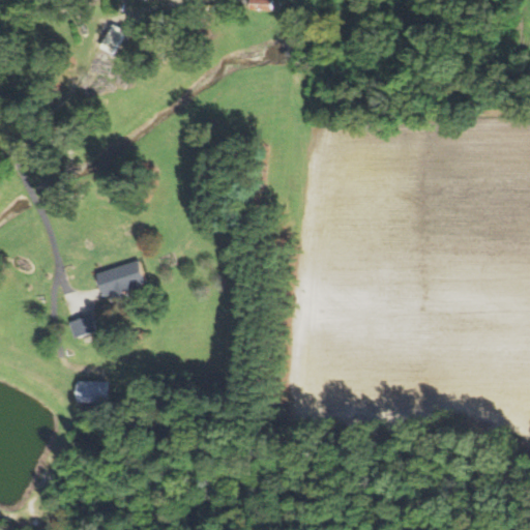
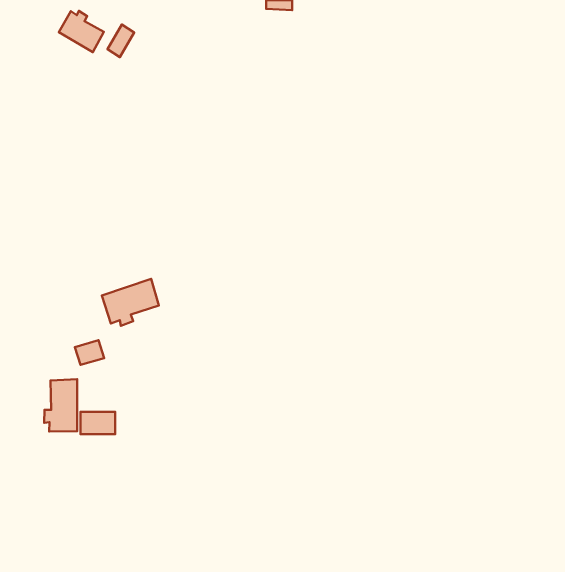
building: none -> [59,11,104,52]
building: none -> [44,379,77,432]

